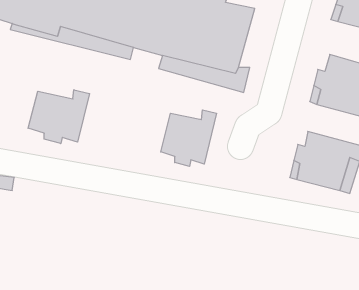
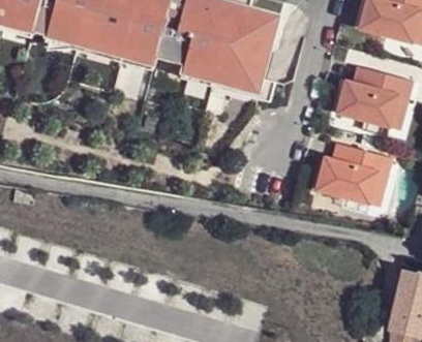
building: [28,90,90,144] -> none
building: [161,110,216,166] -> none

